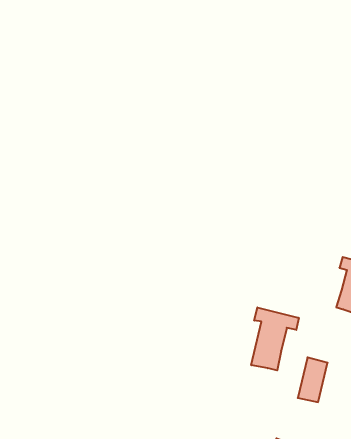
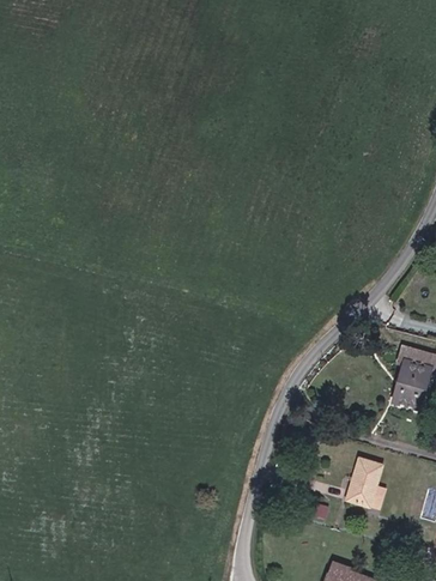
building: [251,307,299,370] -> none

